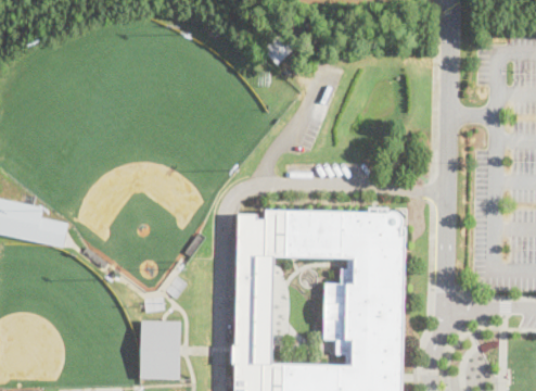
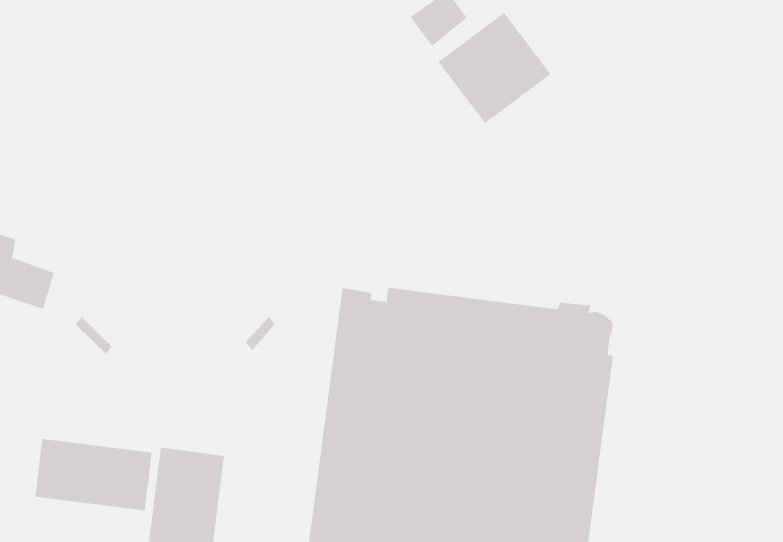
building: none -> [438,12,552,124]
building: none -> [35,438,152,511]

